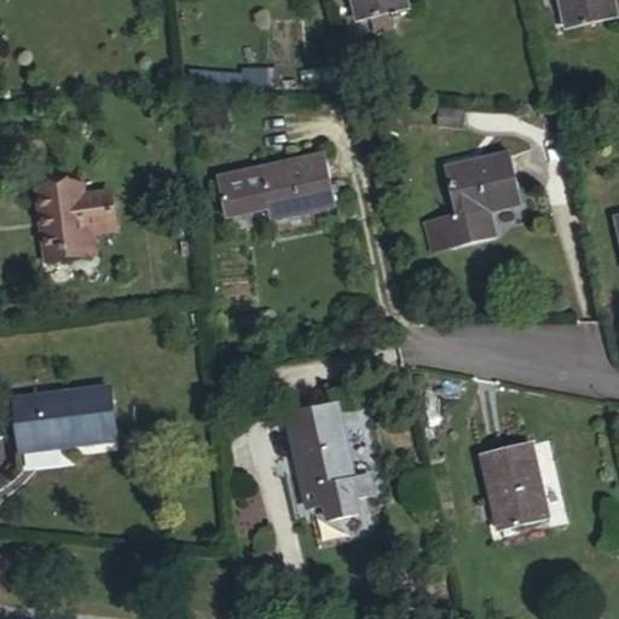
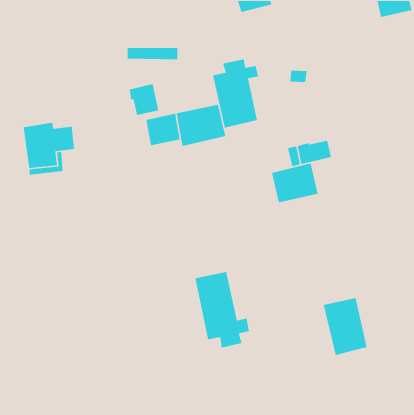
building: none -> [212,59,259,128]
building: none -> [129,83,159,116]
building: [450,154,520,214] -> [271,163,318,203]
building: [8,383,110,451] -> none

